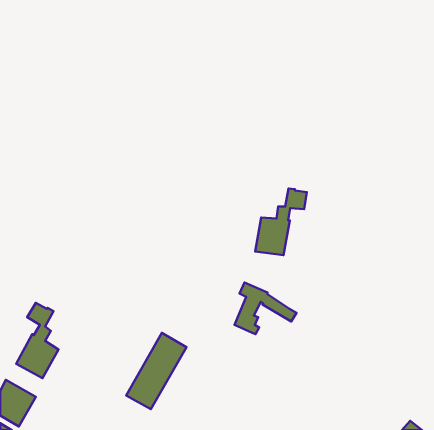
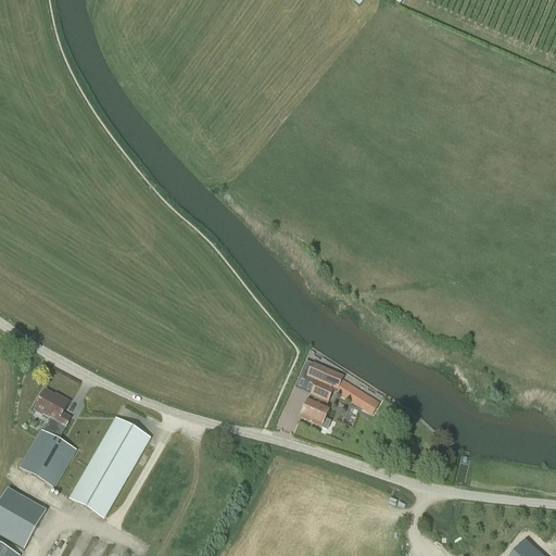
building: [255,189,307,255] -> none
building: [126,333,186,409] -> [72,417,149,515]

